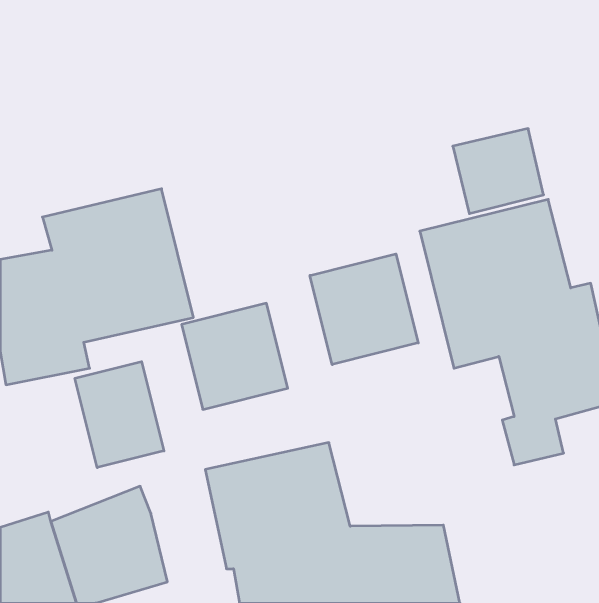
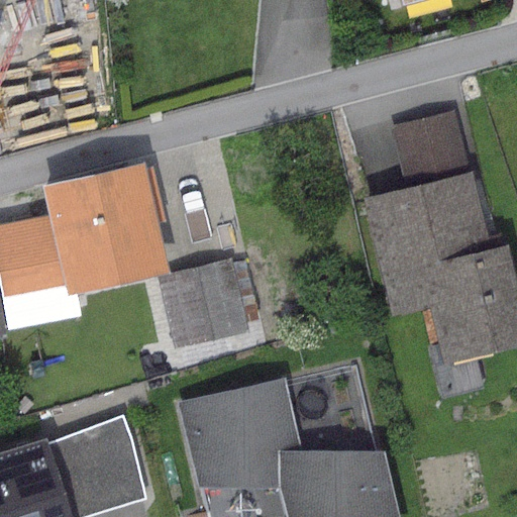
building: [310,254,418,365] -> none
building: [75,362,164,468] -> none

